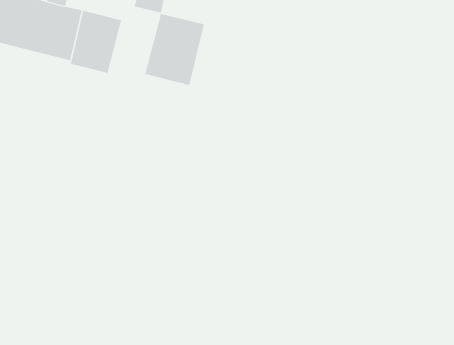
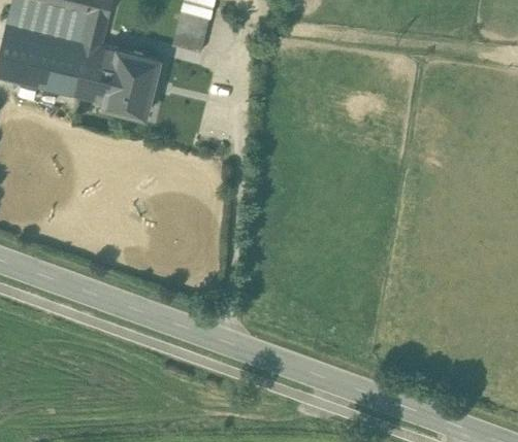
building: [144,13,205,86] -> none

